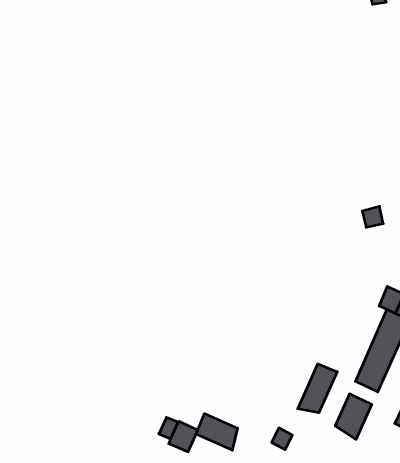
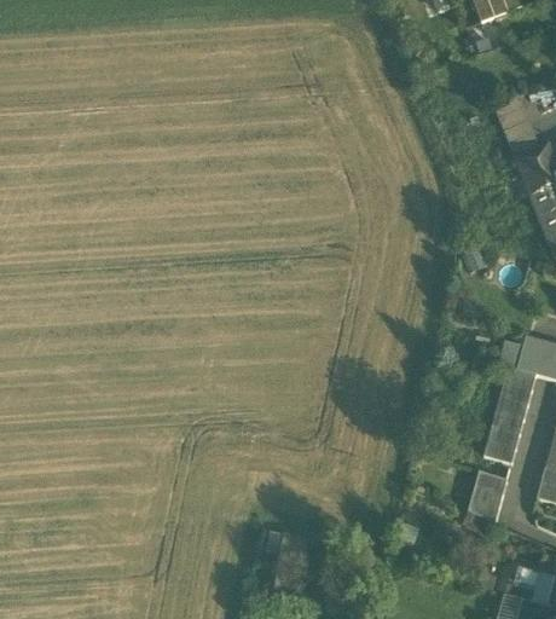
building: [298,364,337,413] -> none
building: [196,414,238,450] -> none

